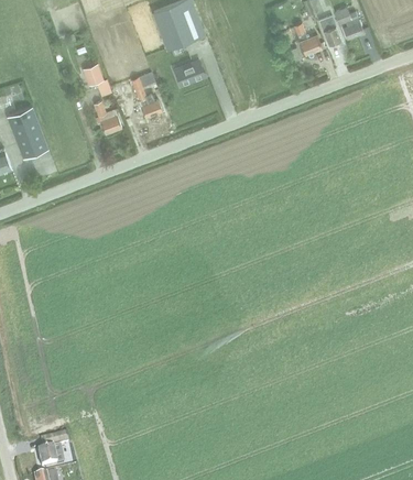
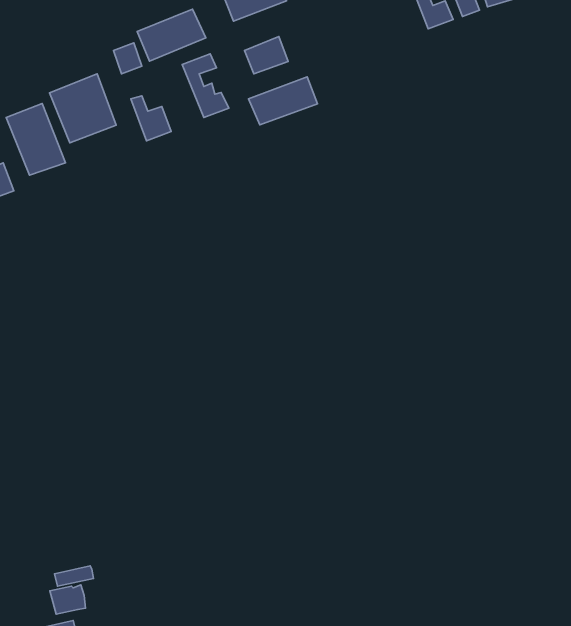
building: none -> [137,9,206,61]
building: none -> [50,74,116,143]
building: none -> [248,77,318,125]

